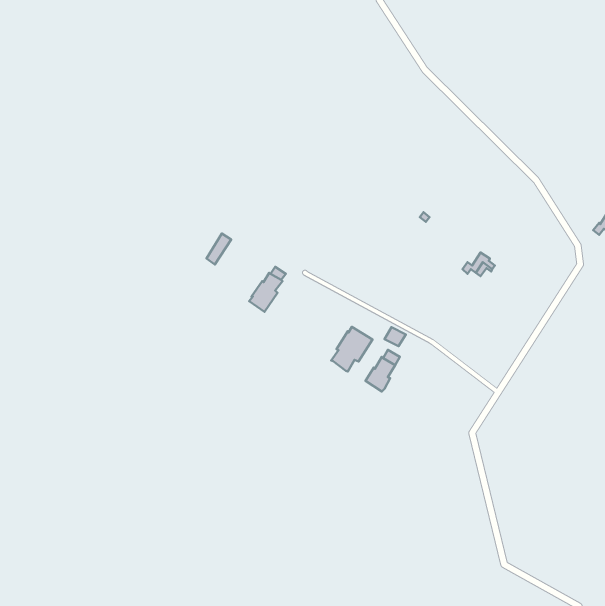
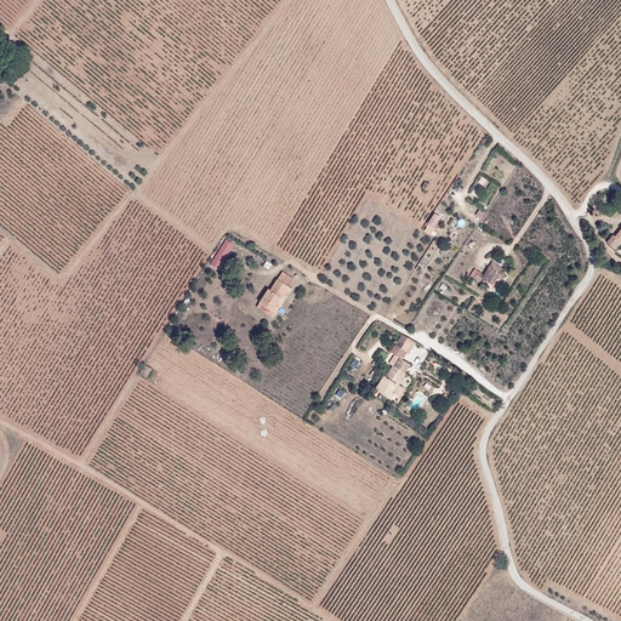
building: [331,327,372,372] -> none

